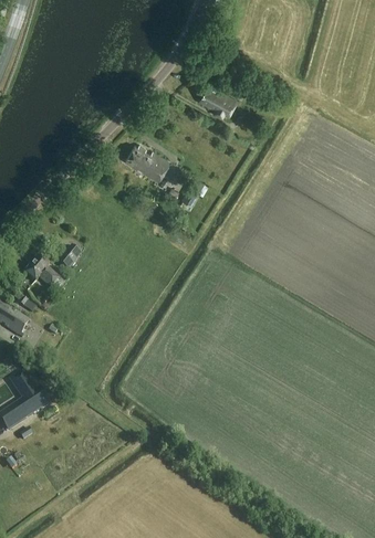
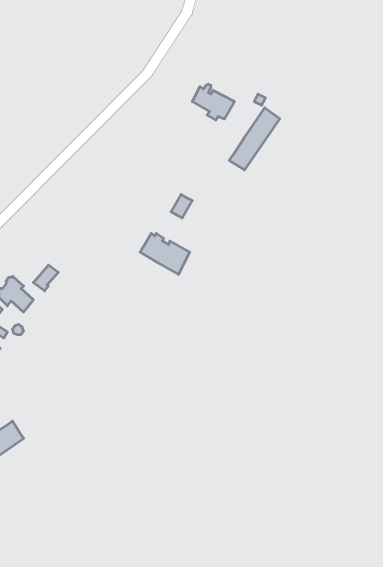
building: none -> [229,108,280,170]
building: [125,144,169,180] -> [140,233,190,274]

